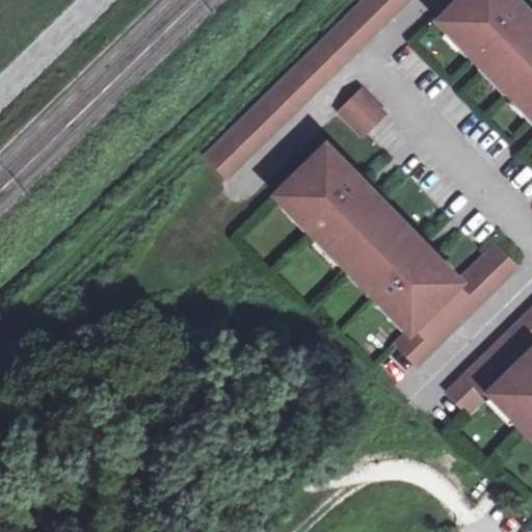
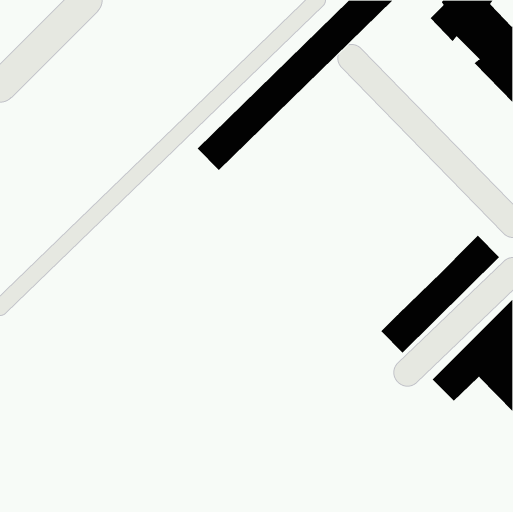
building: [338,90,385,138] -> none
building: [283,151,456,326] -> none

